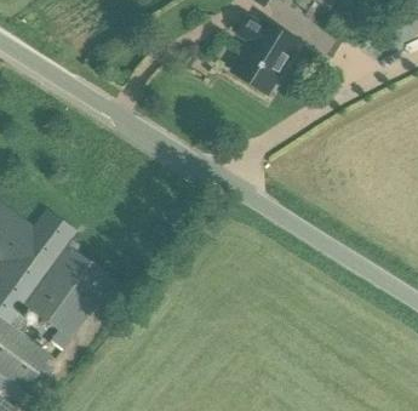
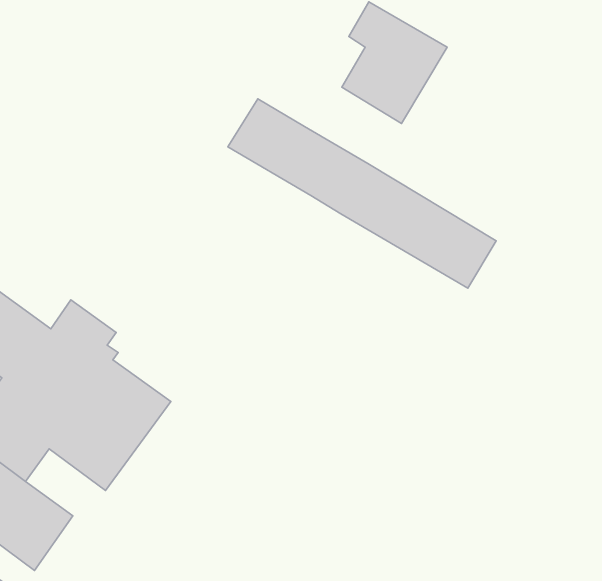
building: none -> [228,99,496,288]

